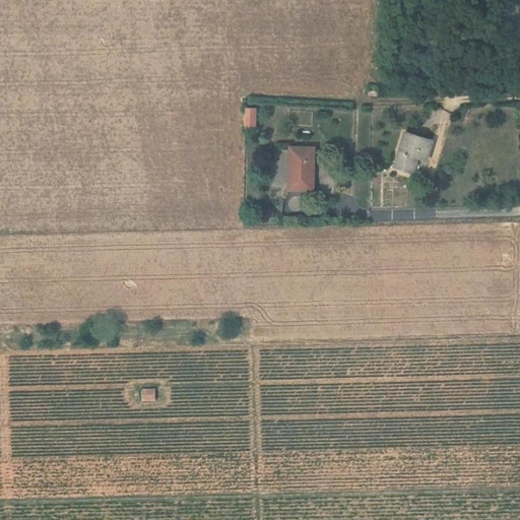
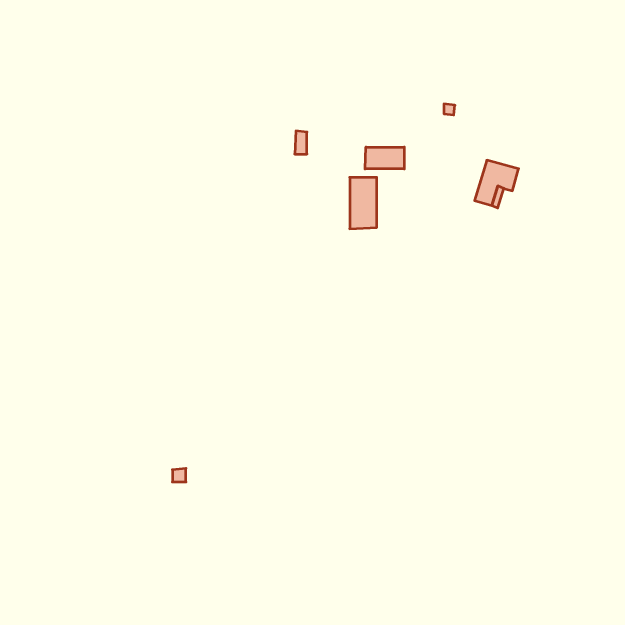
building: none -> [365,147,404,169]

